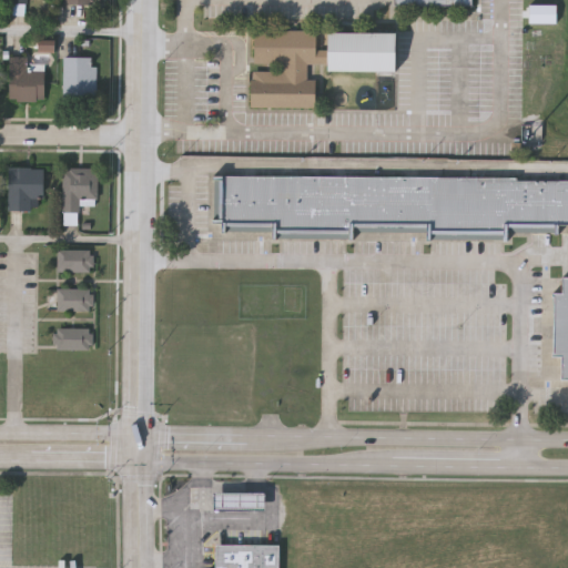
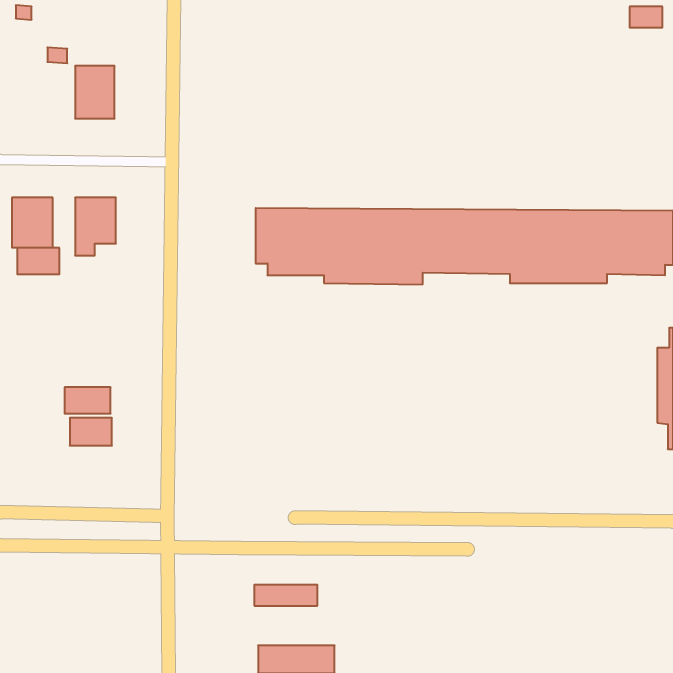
building: [253,30,397,108] -> none
building: [11,55,45,100] -> none
building: [58,247,93,270] -> [17,248,59,274]
building: [58,286,93,310] -> [70,418,112,446]

